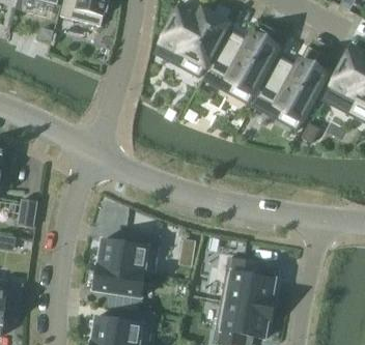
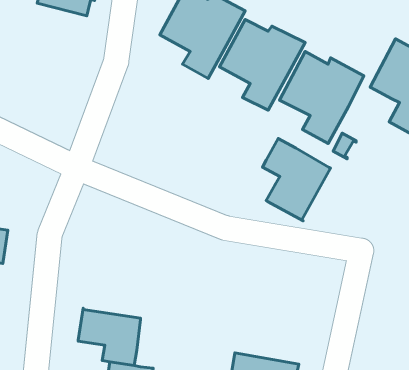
building: none -> [263,138,331,221]
building: [96,230,160,275] -> none
building: [220,257,275,309] -> none

